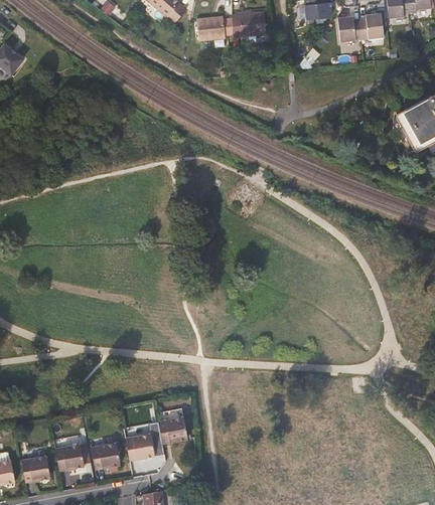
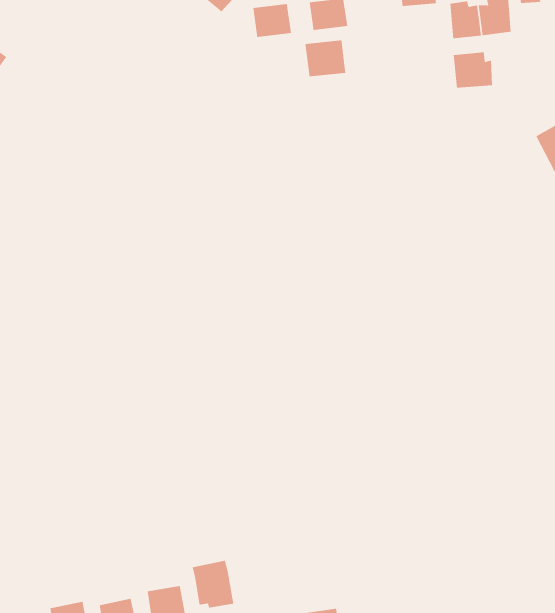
building: none -> [305,40,346,77]
building: none -> [453,51,492,89]

